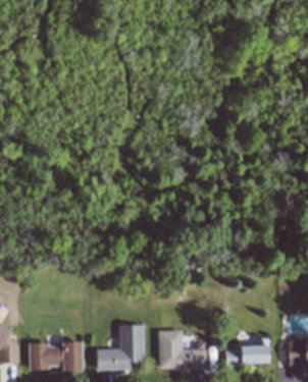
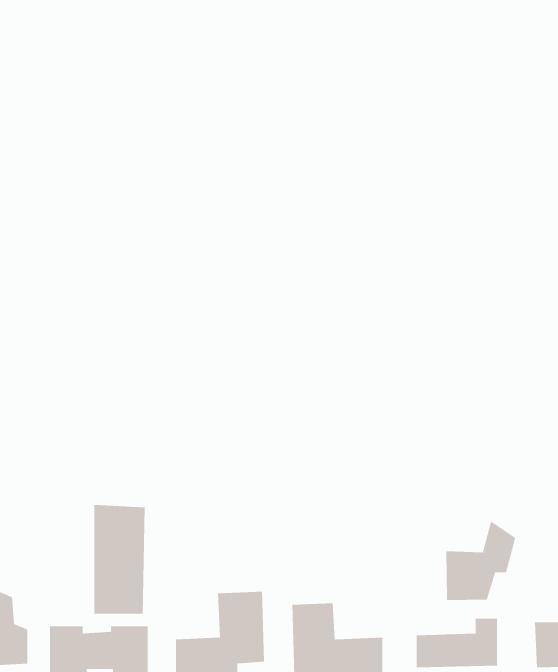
building: none -> [94,504,145,615]
building: none -> [446,520,516,601]

